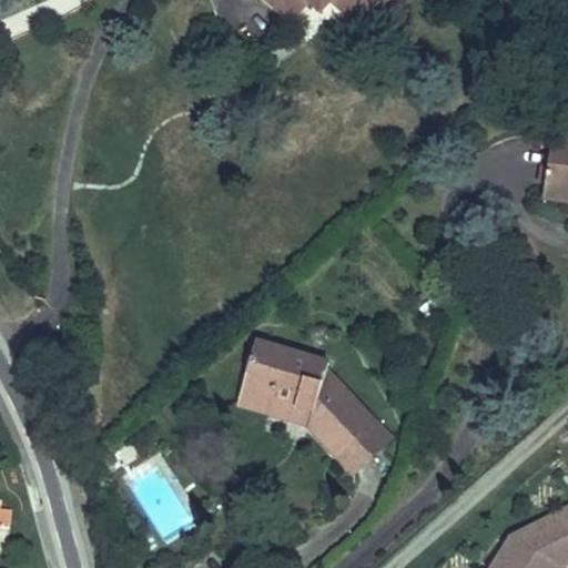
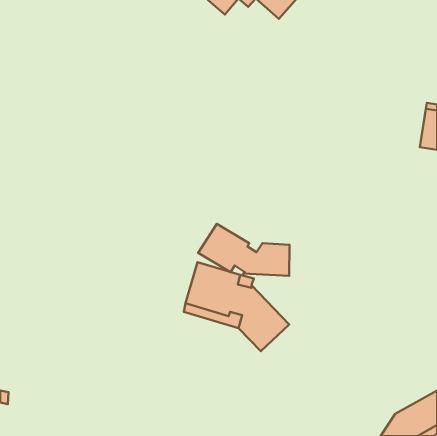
building: none -> [198,224,290,276]
building: [338,420,390,471] -> none

